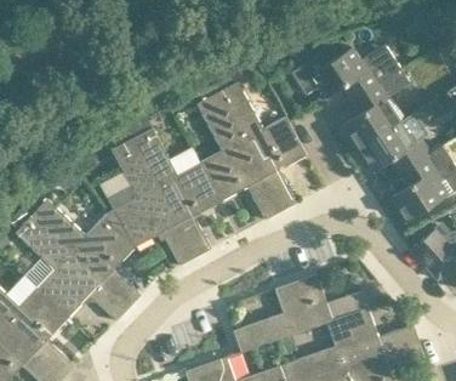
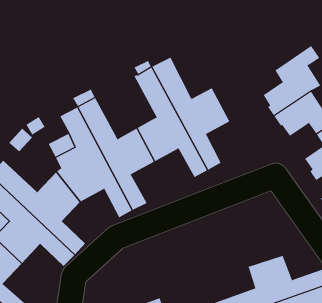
building: [291,42,400,98] -> none
building: [233,274,367,353] -> none

